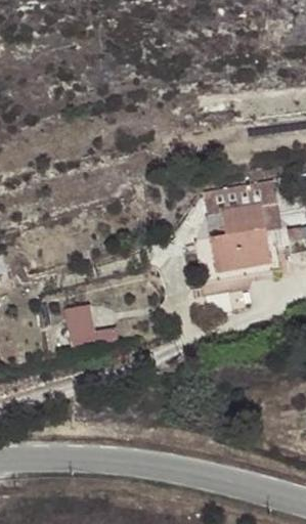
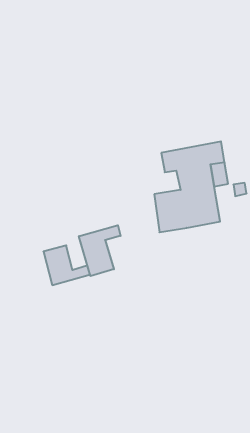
building: none -> [79,225,121,276]

